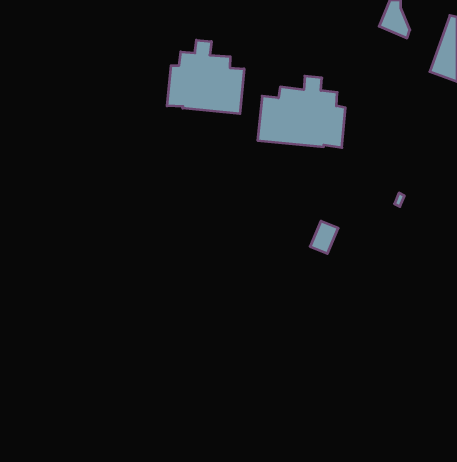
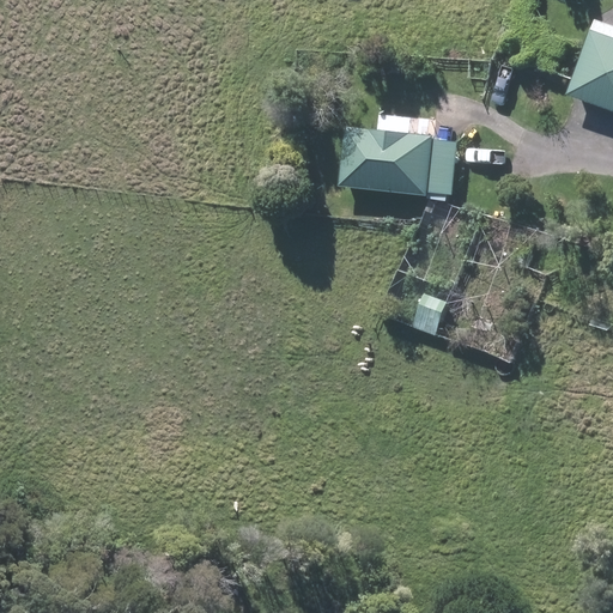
building: [167,40,244,114] -> none

